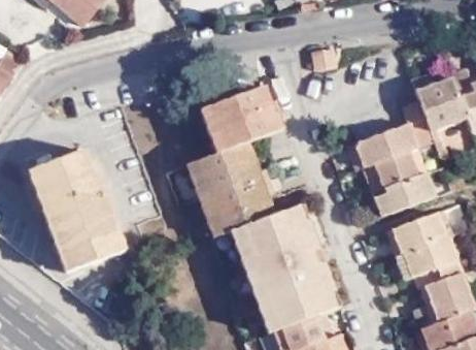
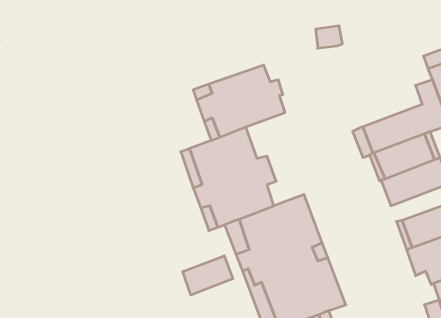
building: [33,151,131,272] -> none
building: none -> [183,256,233,295]

